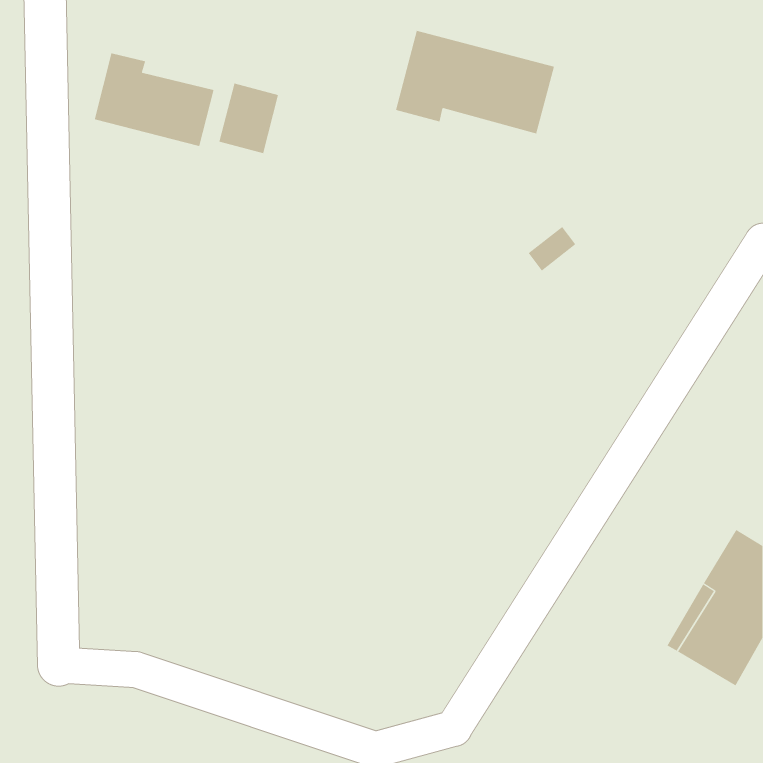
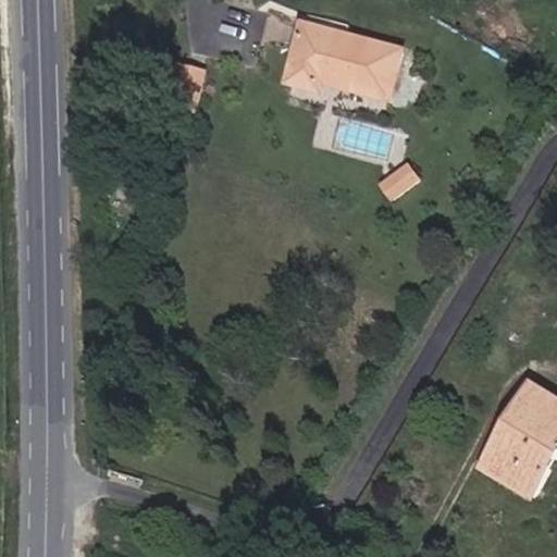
building: [94,52,214,147] -> none

